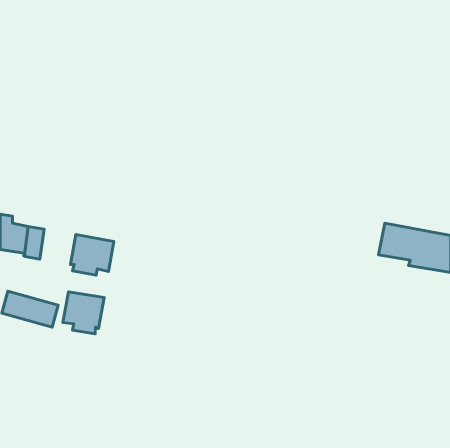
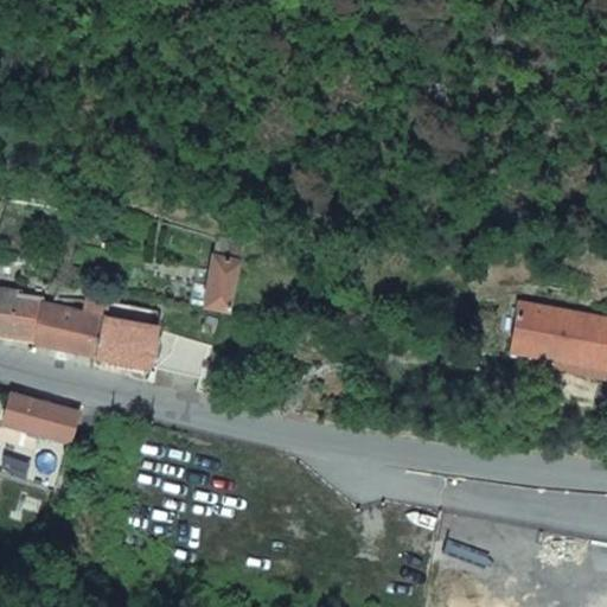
building: none -> [200,253,241,309]
building: none -> [55,308,103,356]
building: [63,292,104,334] -> none

